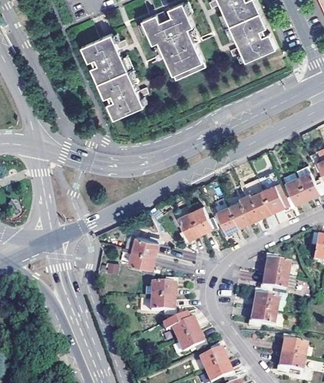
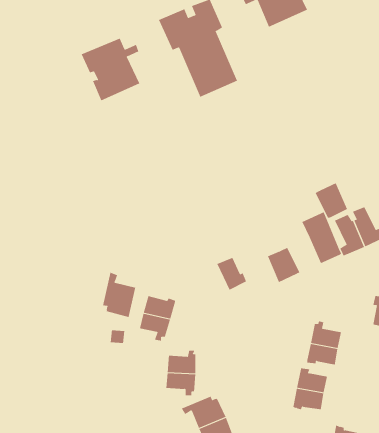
building: [231,10,278,60] -> none
building: [99,68,150,118] -> none
building: [246,189,272,217] -> [315,183,348,218]
building: [215,198,239,232] -> none
building: [178,210,200,239] -> none
building: none -> [103,272,136,318]

